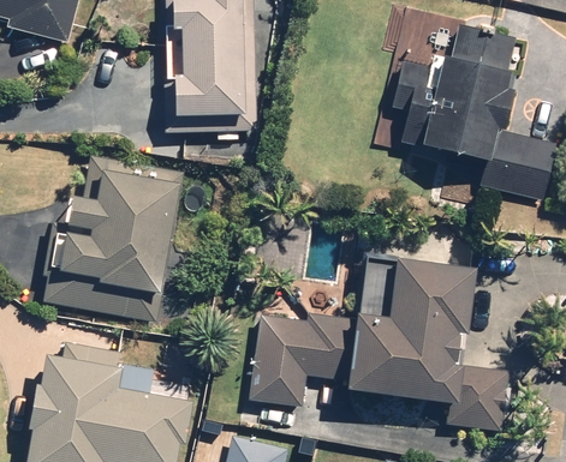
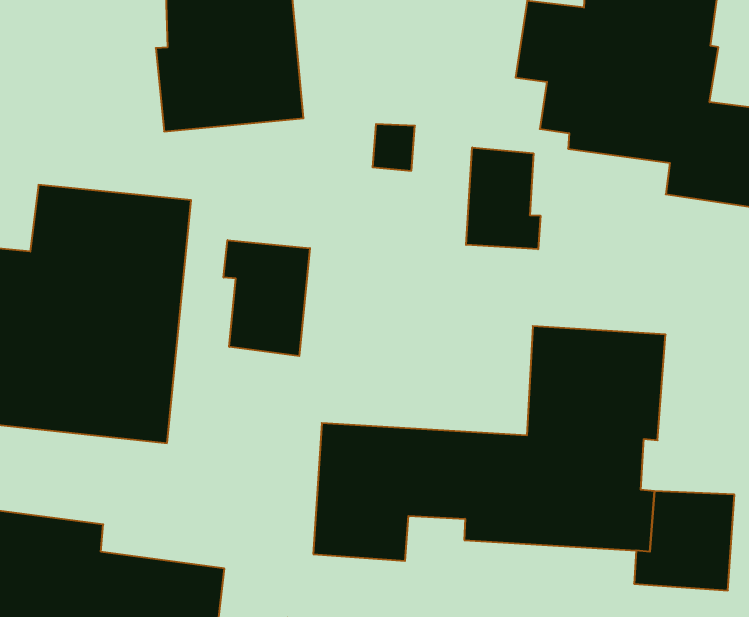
building: none -> [466,147,540,249]
building: none -> [224,240,310,356]

